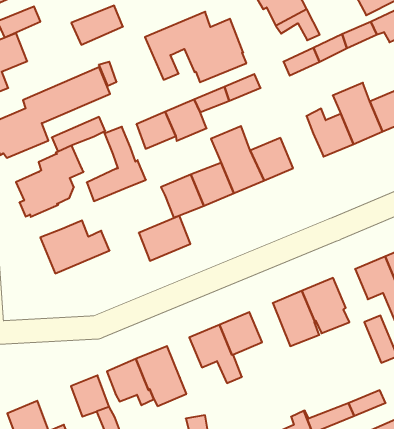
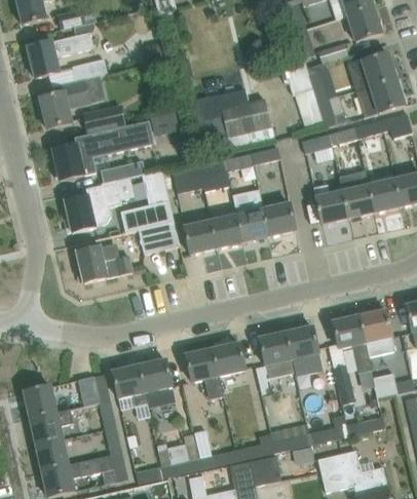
building: [71,6,123,45] -> [83,104,125,131]
building: [139,216,190,261] -> [139,221,180,254]

